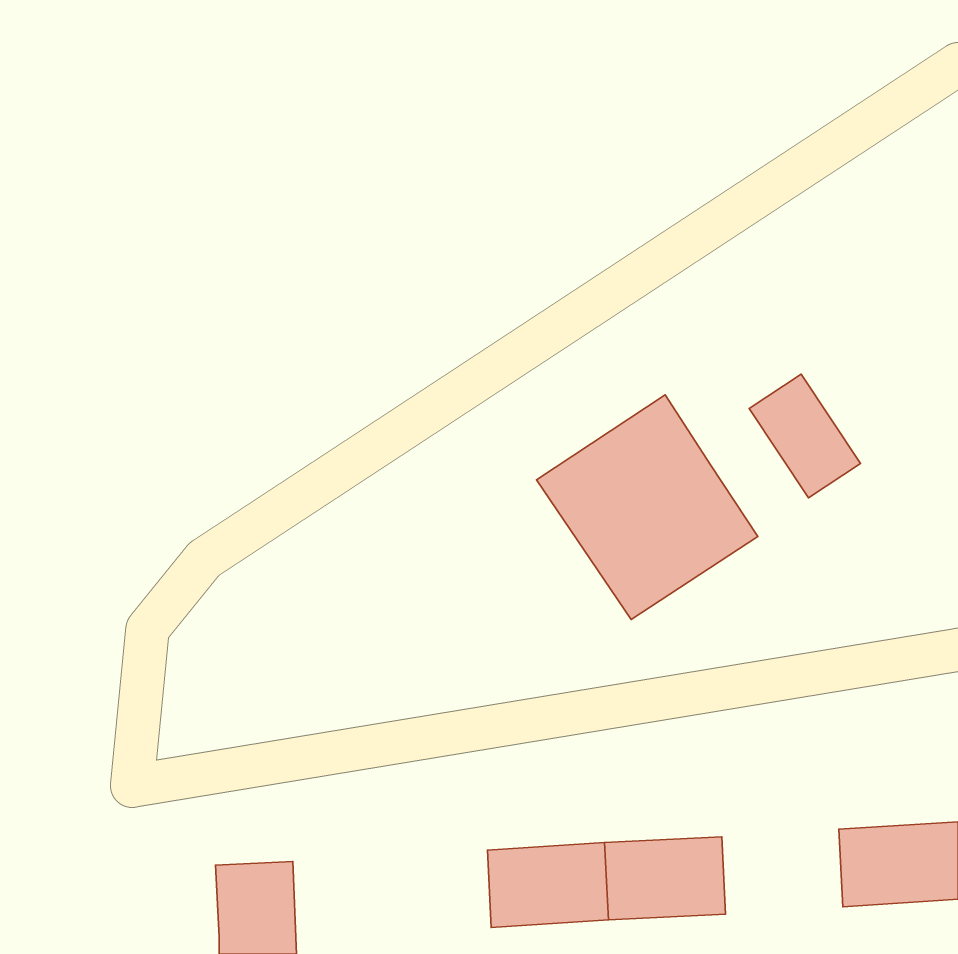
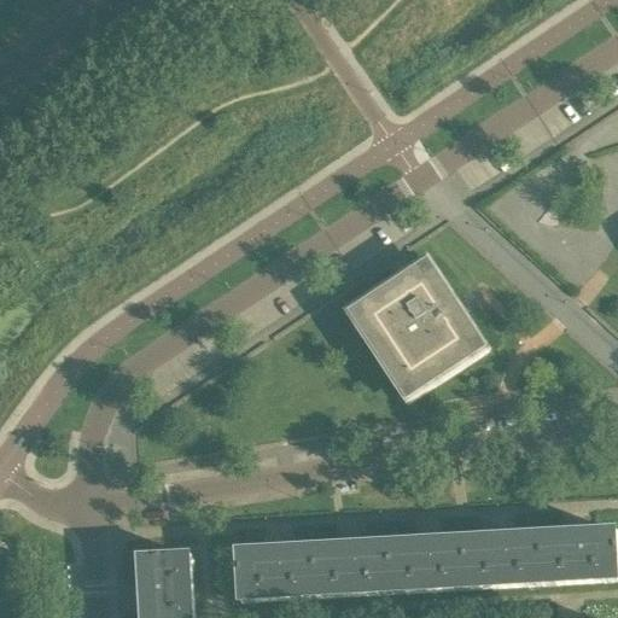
building: [749,374,860,498] -> none
building: none -> [461,530,538,584]
building: none -> [235,543,314,596]

